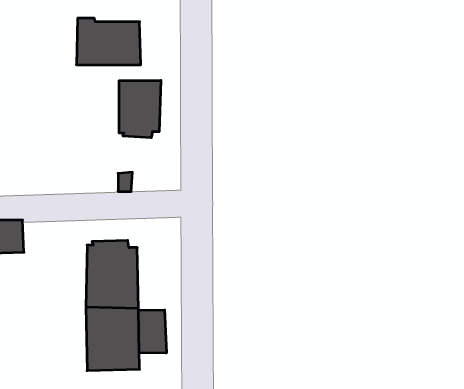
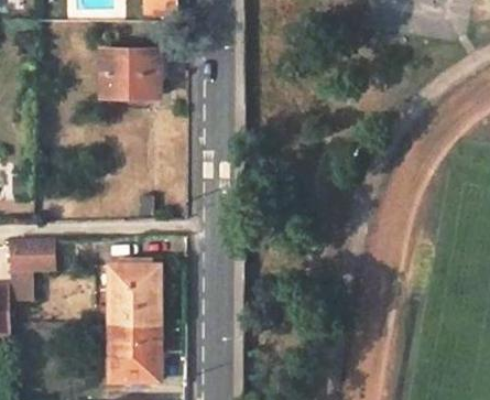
building: [119,80,161,138] -> none
building: [138,310,166,353] -> none

